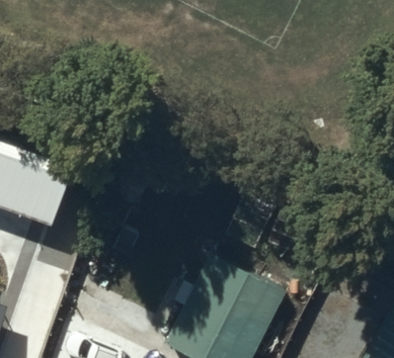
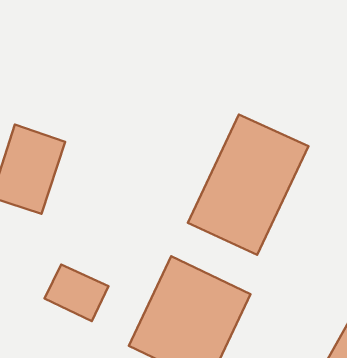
building: none -> [188,114,308,255]

